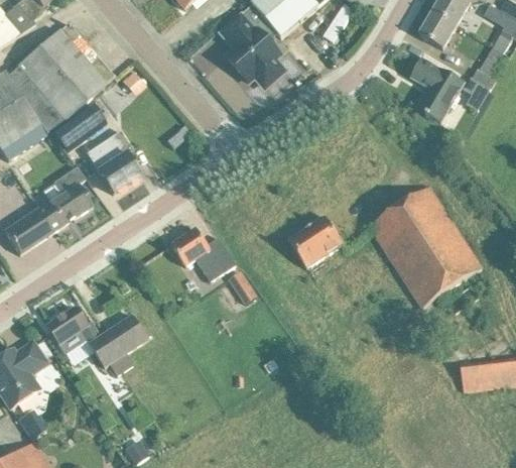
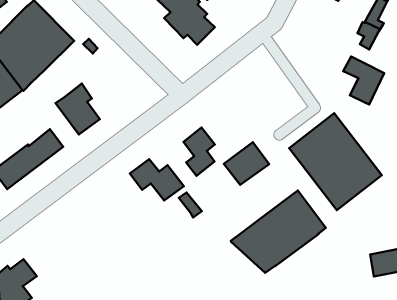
building: [411,60,462,120] -> [343,57,384,104]
building: [52,105,105,150] -> none
building: none -> [183,127,215,176]
building: none -> [231,191,326,273]
building: [47,307,147,374] -> none

